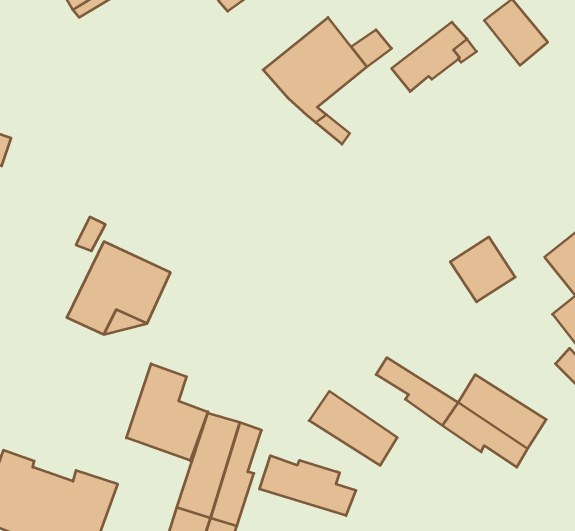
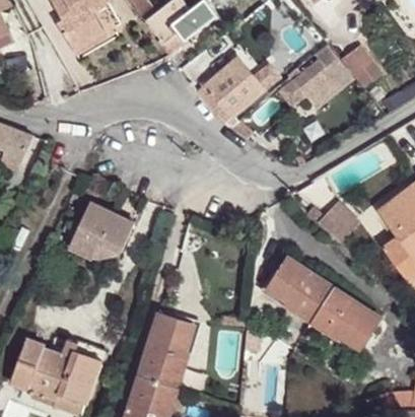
building: [126,364,208,461] -> none
building: [309,391,397,465] -> [276,258,334,306]
building: [259,456,356,516] -> none

